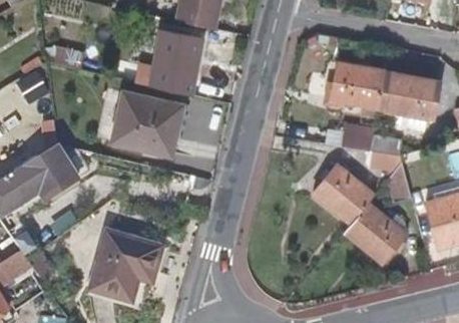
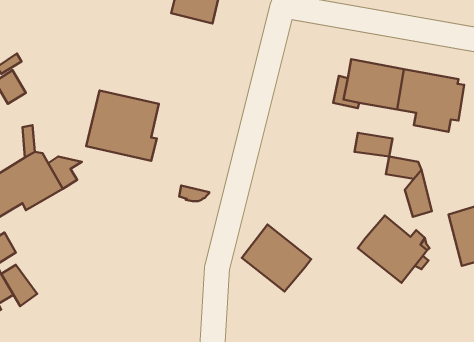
building: [120,33,204,96] -> none
building: [312,164,374,224] -> [242,224,311,291]
building: [92,234,162,304] -> none

